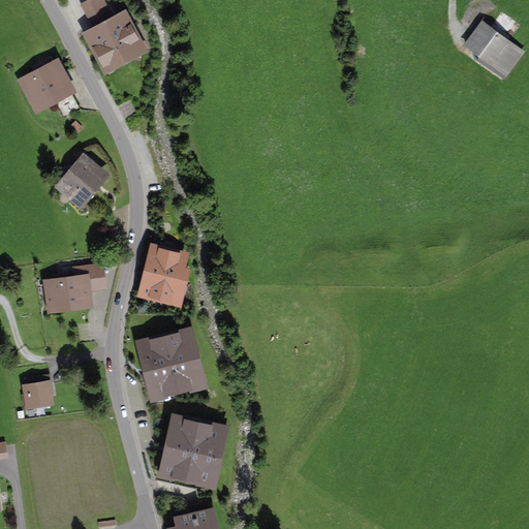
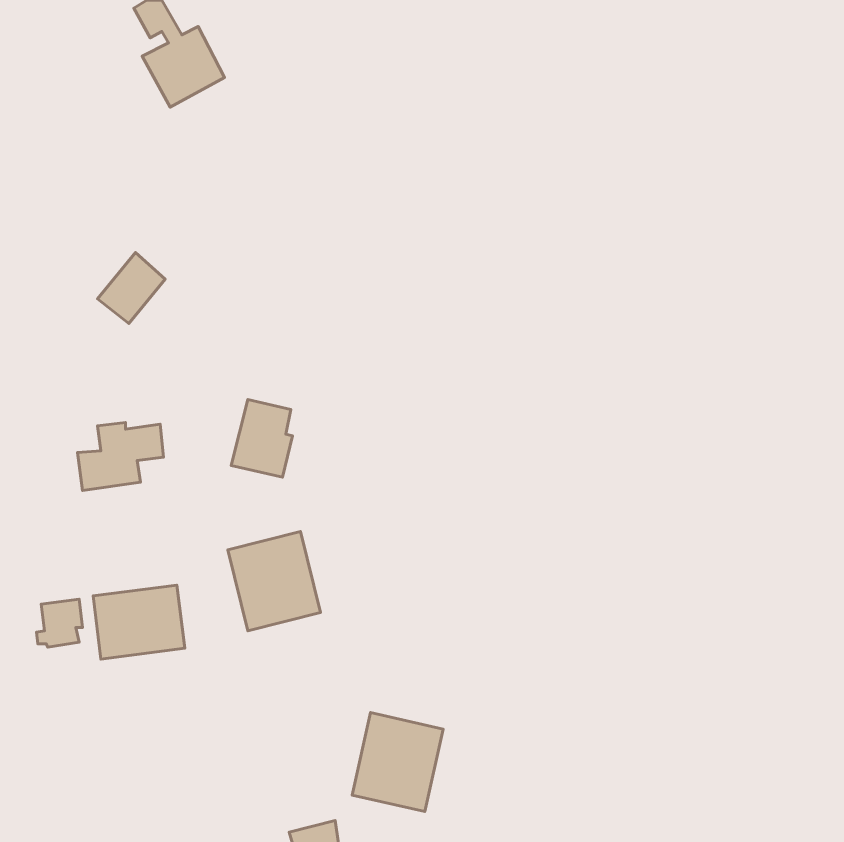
building: [466,24,522,74] -> none
building: [24,66,69,107] -> none
building: none -> [93,585,185,659]
building: [165,421,222,483] -> [352,713,443,812]

